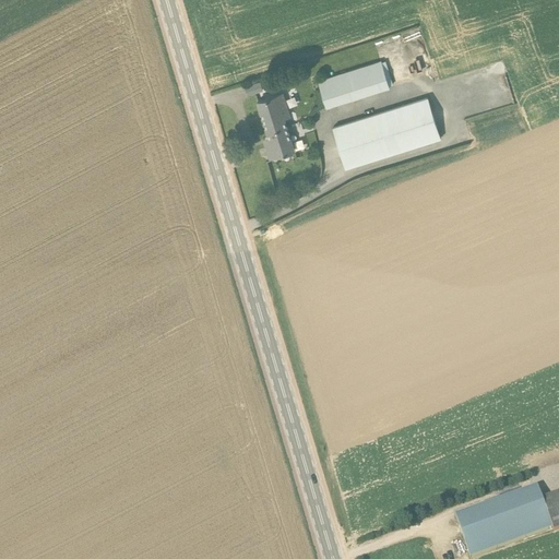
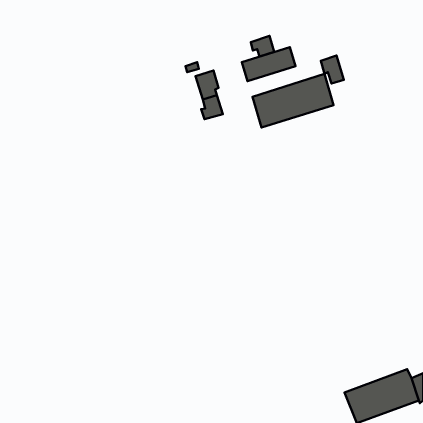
building: none -> [251,36,274,57]
building: none -> [321,55,344,84]

